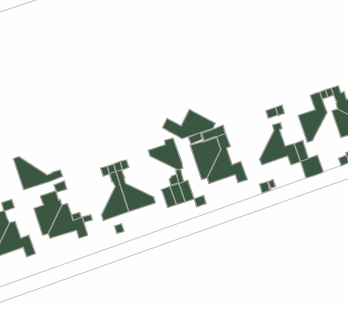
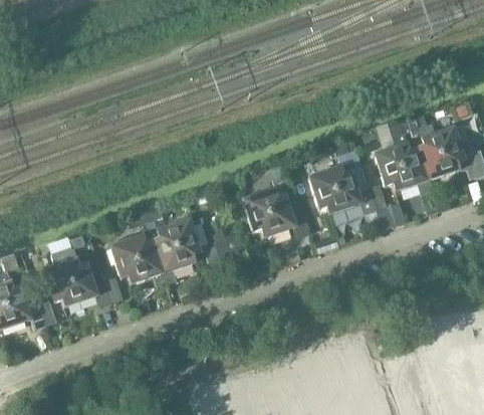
building: [163,109,215,139] -> none
building: none -> [393,147,428,191]
building: none -> [309,165,344,209]
building: [148,138,183,170] -> [158,215,201,254]
building: [14,157,63,190] -> none
building: none -> [111,235,147,278]

